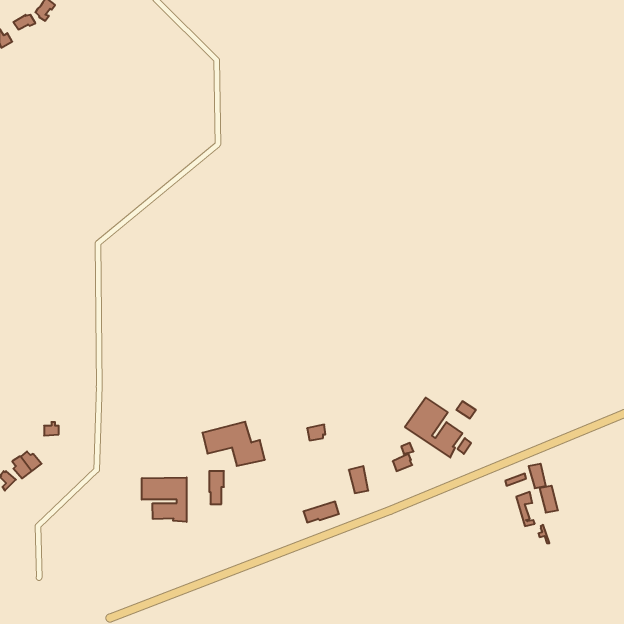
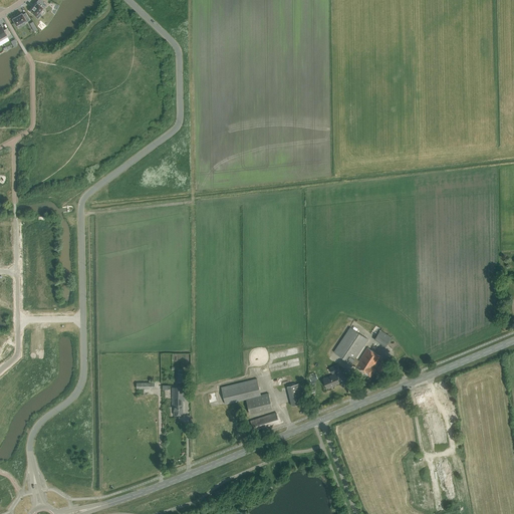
building: [202,422,265,466] -> [220,377,271,414]
building: [142,477,187,522] -> none

